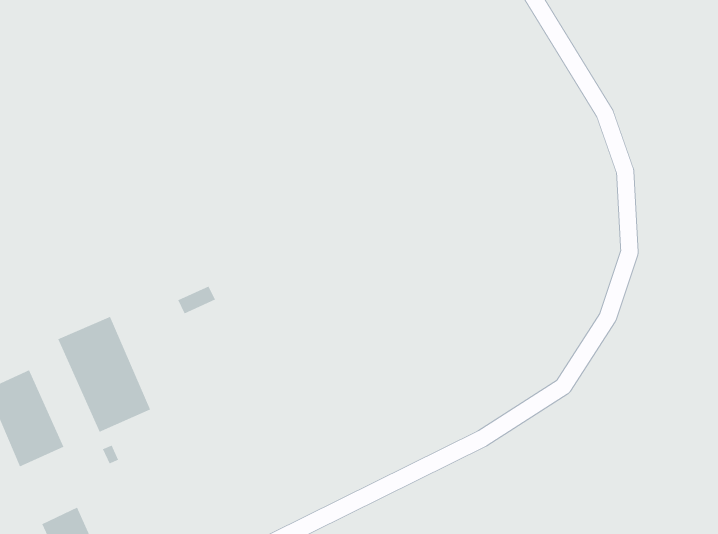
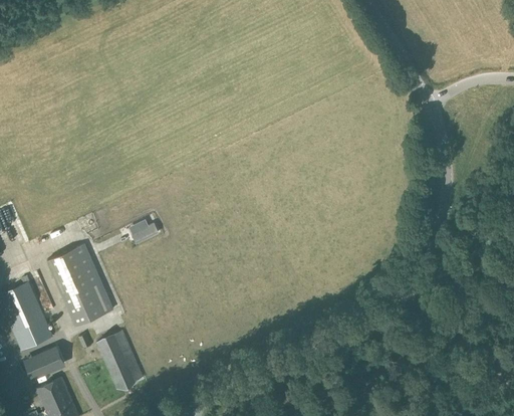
building: none -> [97,332,143,389]
building: none -> [23,345,65,380]

